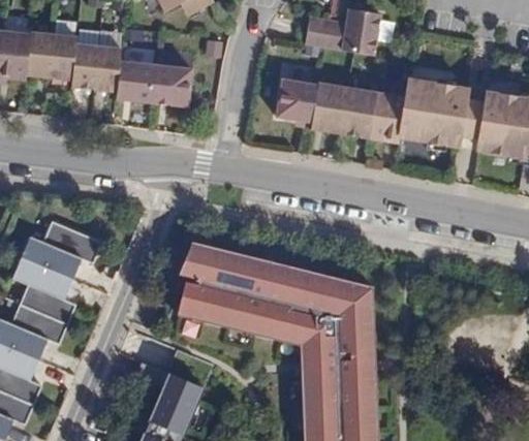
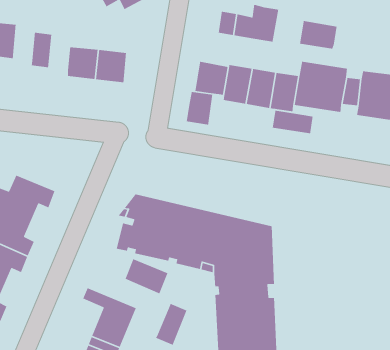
building: none -> [299,20,338,50]
building: [49,34,75,80] -> none
building: [93,46,121,92] -> none
building: none -> [186,91,213,126]
building: none -> [272,109,314,134]
building: none -> [124,258,169,295]
building: none -> [155,303,188,346]

